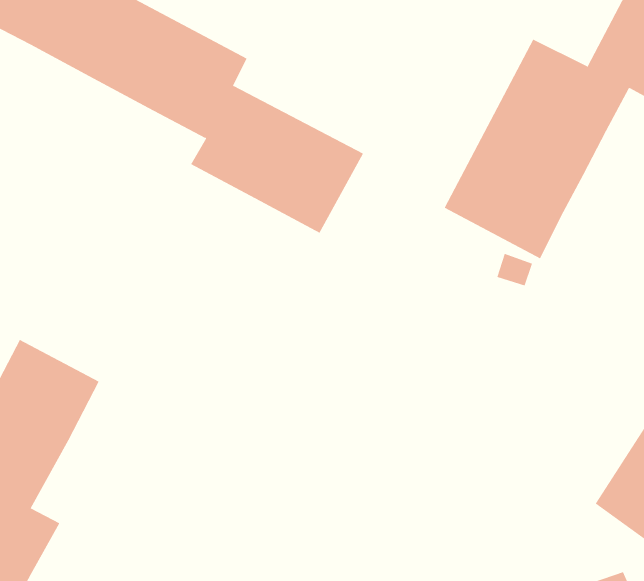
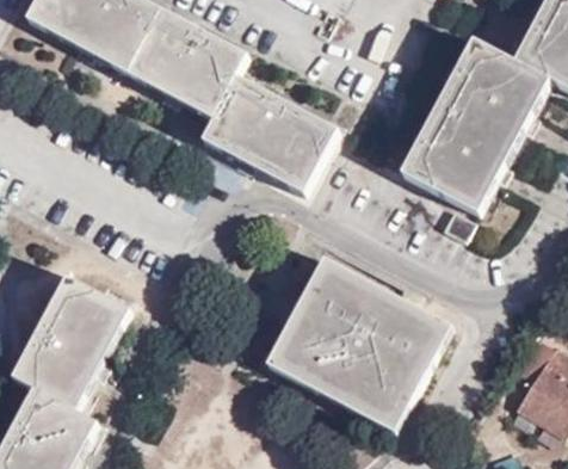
building: none -> [266,257,450,431]

